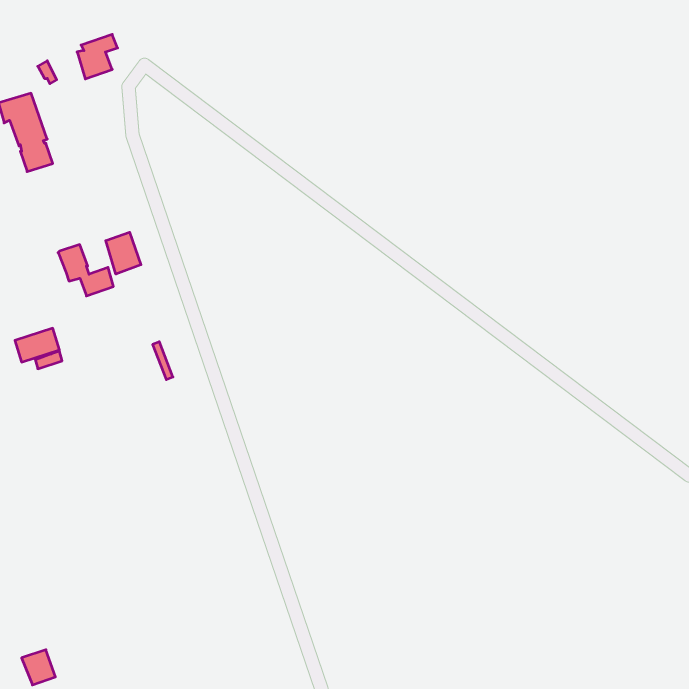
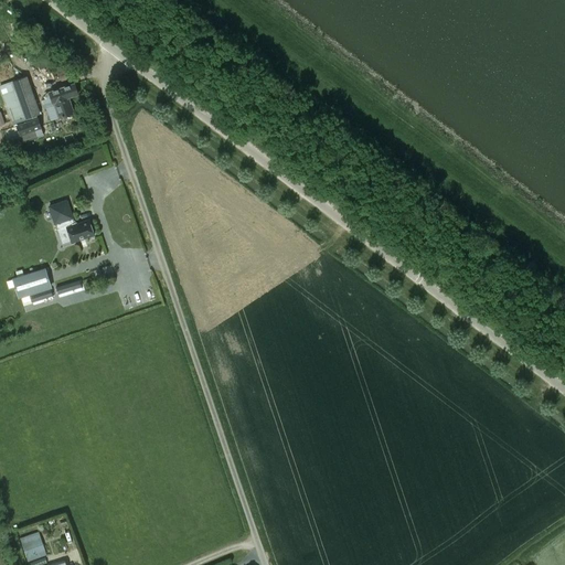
building: [77,34,118,79] -> [44,83,77,119]
building: [106,232,141,274] -> none

